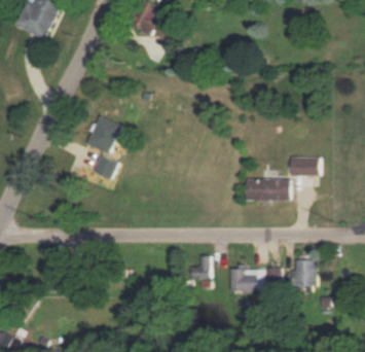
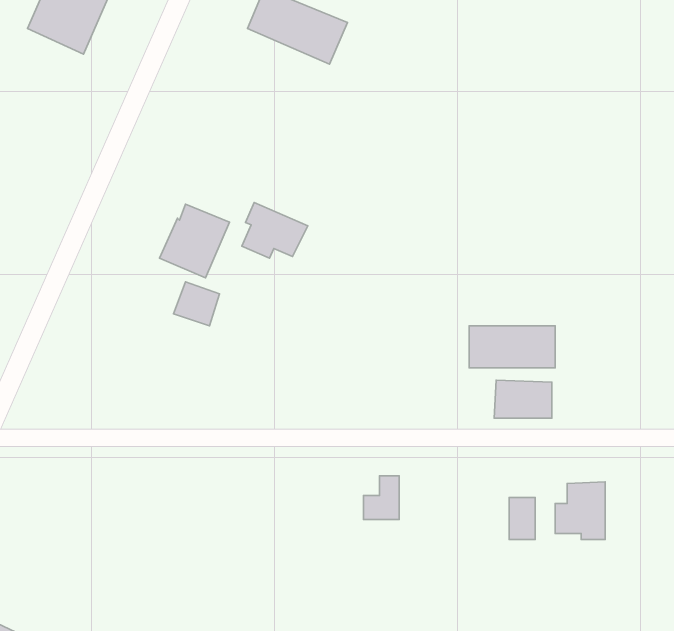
building: none -> [242,203,308,258]
building: [289,155,319,175] -> [494,380,552,418]
building: [228,268,262,290] -> none

